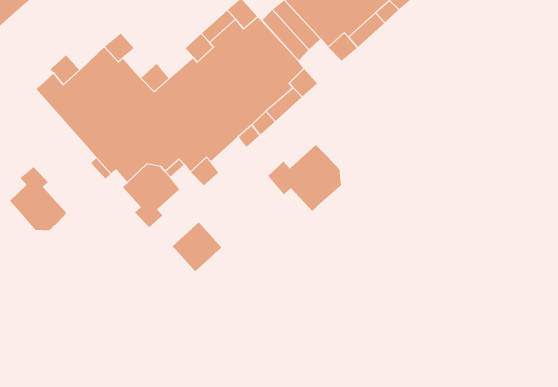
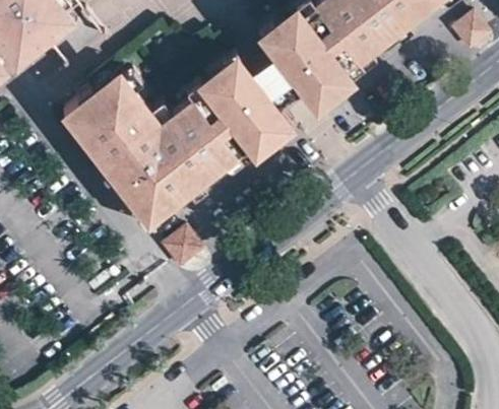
building: [268,144,342,212] -> none
building: [9,166,67,231] -> none

